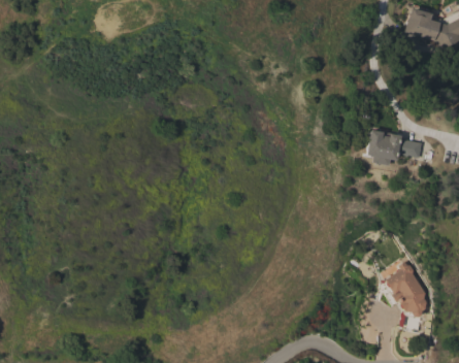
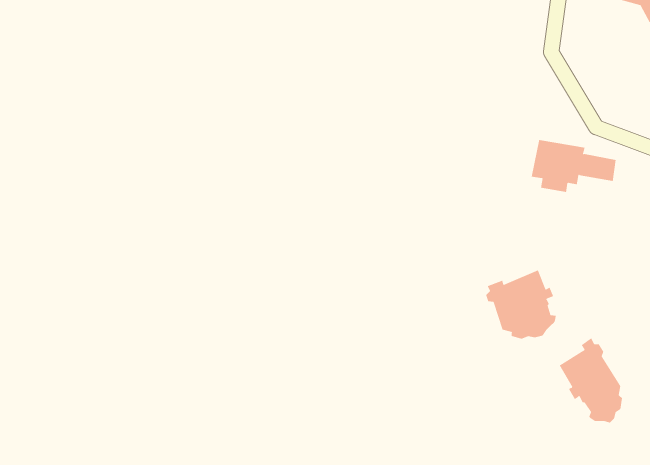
building: none -> [485,270,556,340]

